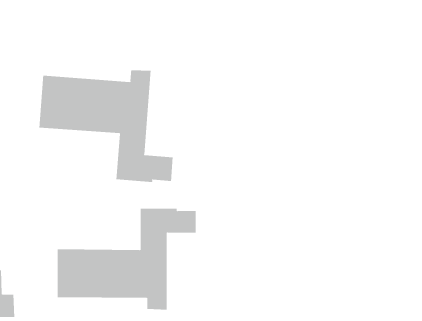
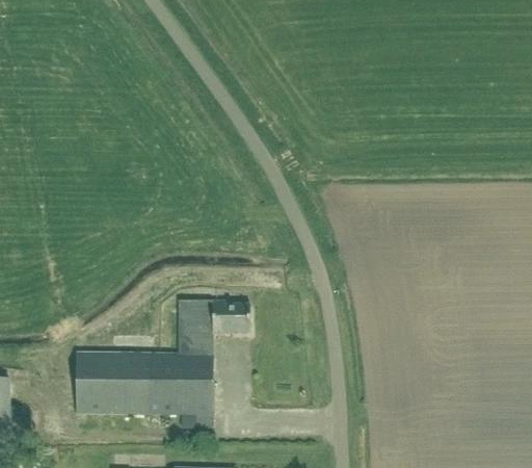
building: [39,69,173,183] -> none

